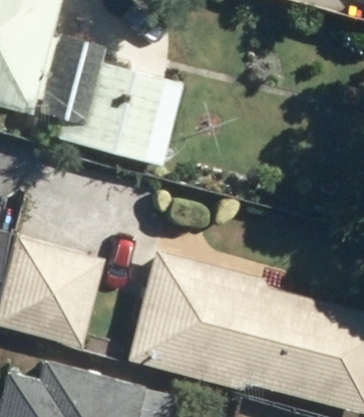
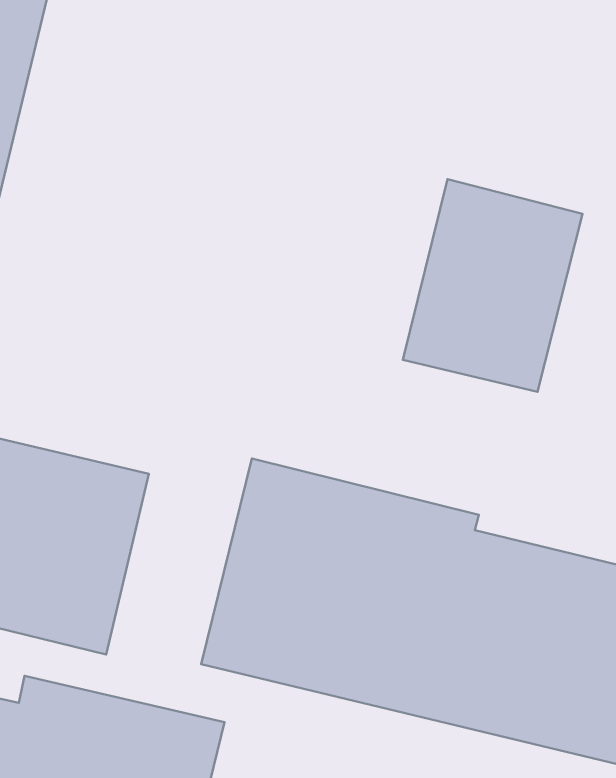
building: [56,55,184,166] -> none
building: none -> [403,179,582,392]

